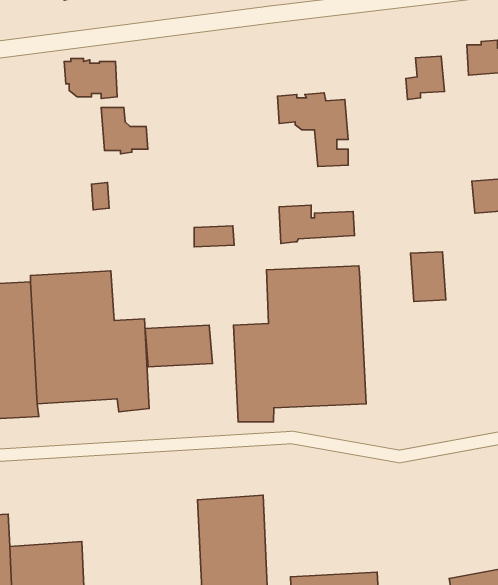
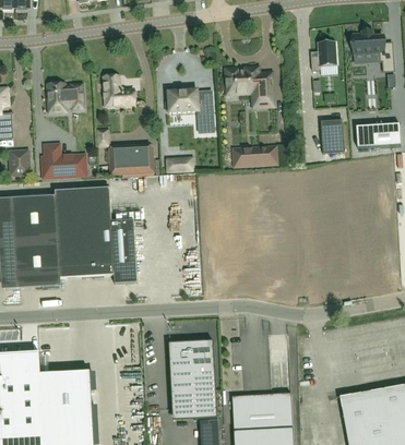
building: [64,58,117,98] -> [47,81,83,108]
building: none -> [165,88,214,131]
building: none -> [41,146,86,177]
building: [411,252,446,301] -> [320,119,344,153]
building: [233,266,366,422] -> none
building: [145,325,212,367] -> [108,145,154,173]

